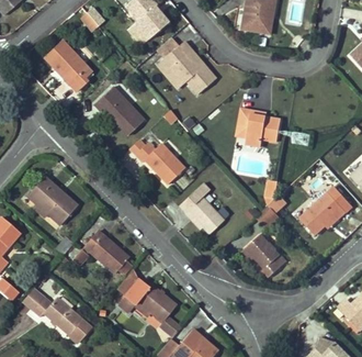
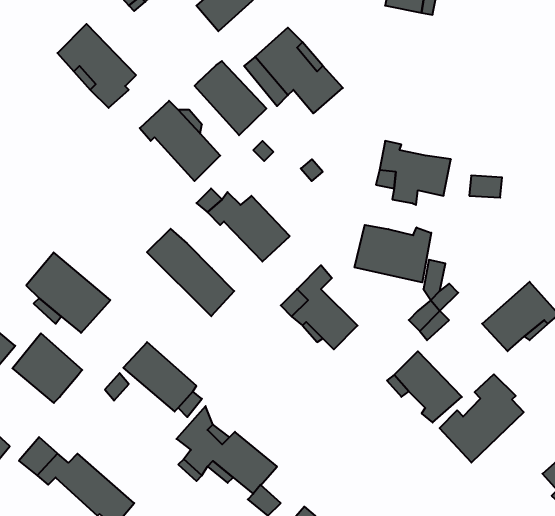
building: none -> [195,61,266,135]
building: none -> [355,225,431,282]
building: none -> [147,229,234,316]
building: none -> [12,333,82,403]
building: none -> [440,374,524,463]

